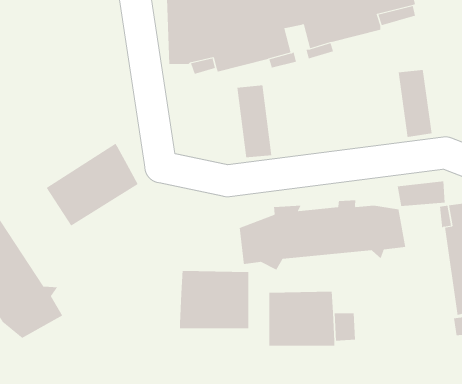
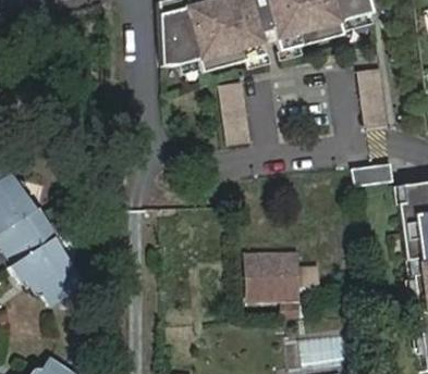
building: [46,143,139,227] -> none
building: [239,200,406,270] -> none
building: [179,270,249,329] -> none

